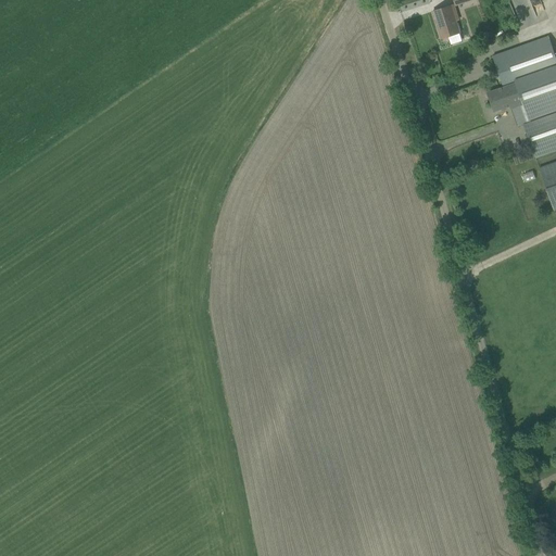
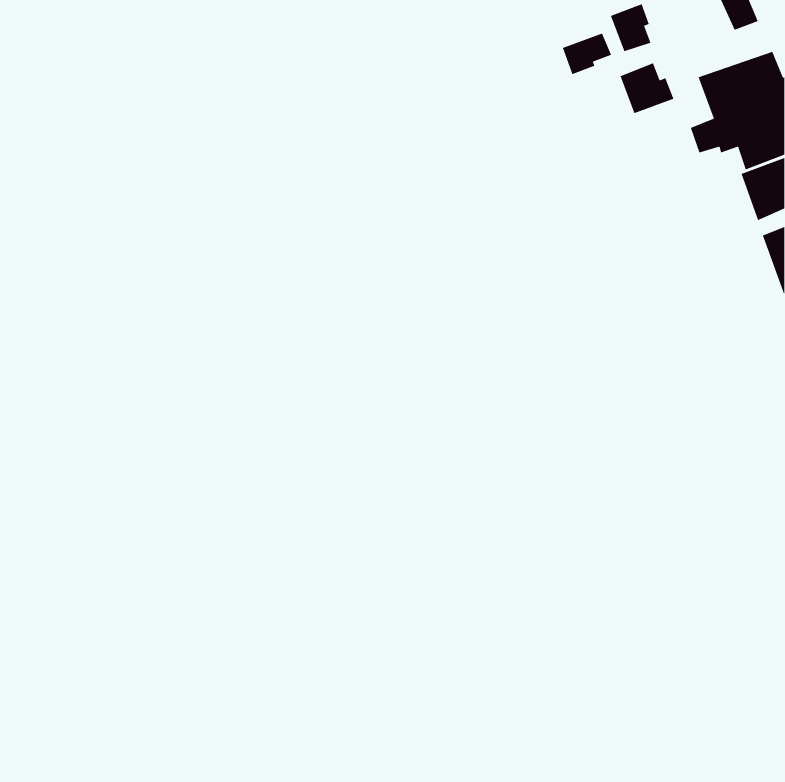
building: none -> [562,32,612,75]
building: none -> [620,62,674,114]

